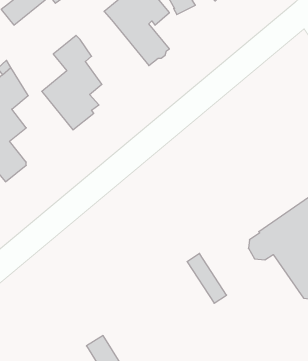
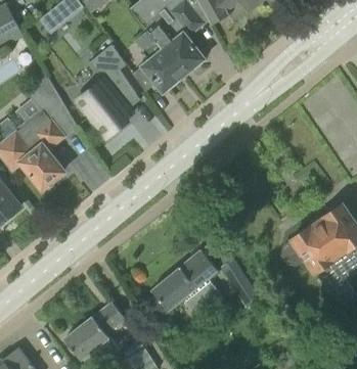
building: none -> [133,29,183,91]
building: none -> [150,249,224,319]
building: none -> [63,302,125,359]

